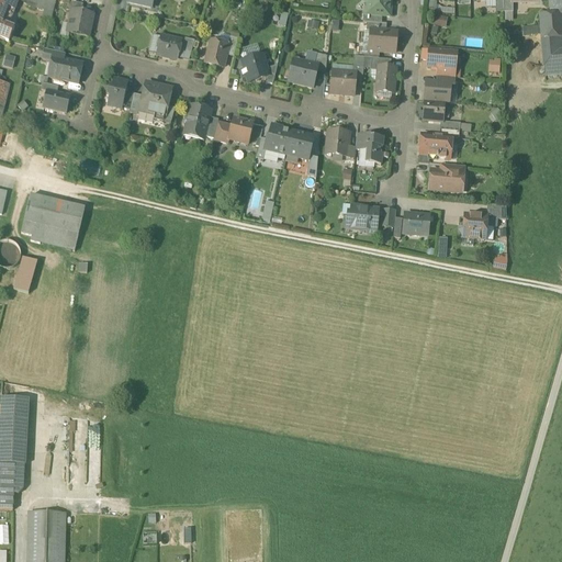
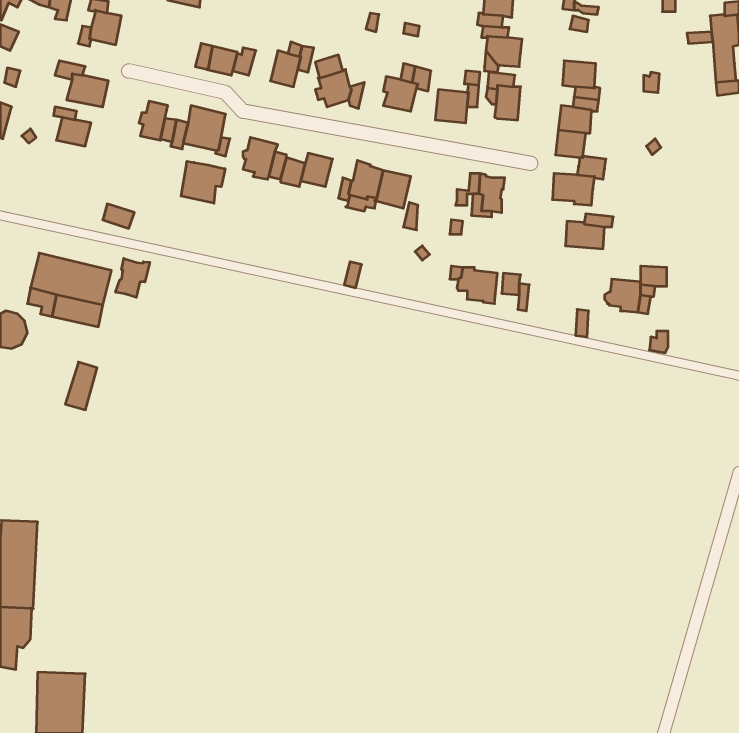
building: none -> [181,161,225,203]
building: [326,128,349,153] -> none
building: none -> [116,258,150,297]
building: [403,212,429,233] -> none
building: [13,255,37,291] -> [65,362,97,410]

